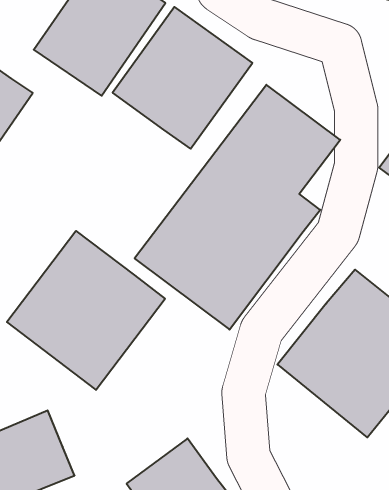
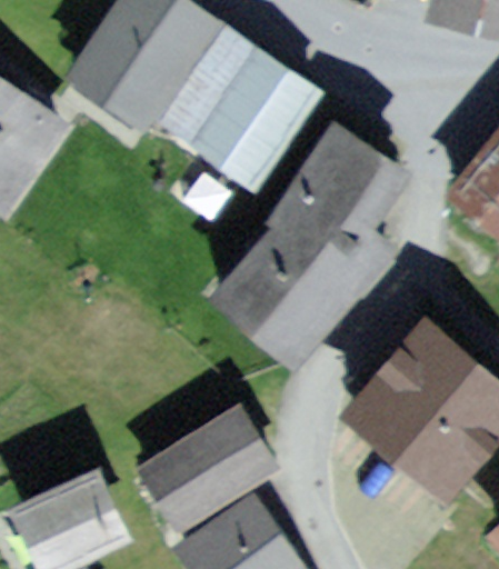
building: [7,231,165,390] -> none
building: none -> [130,407,280,539]

